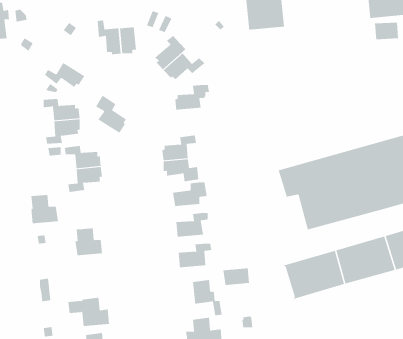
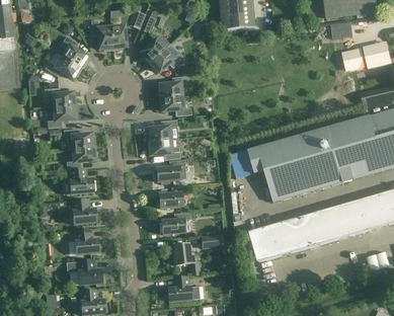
building: [95,95,127,134] -> [60,34,87,68]
building: none -> [159,95,191,114]
building: [31,195,59,224] -> [70,168,94,193]
building: none -> [75,229,99,253]

